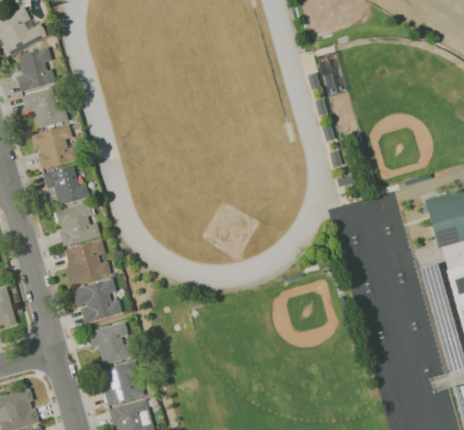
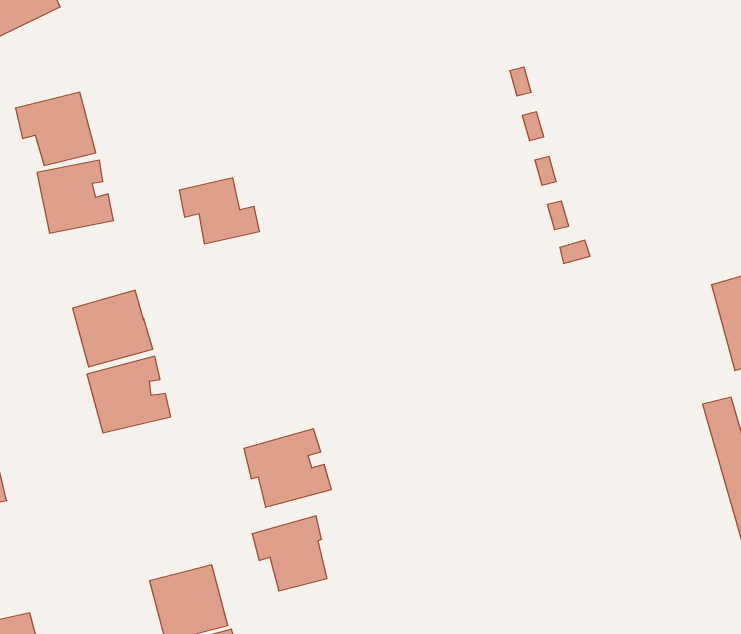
building: [17,48,54,93] -> none
building: [42,167,89,205] -> [179,178,260,244]
building: [71,279,122,324] -> [244,429,331,507]
building: [87,322,130,366] -> [252,516,327,591]

